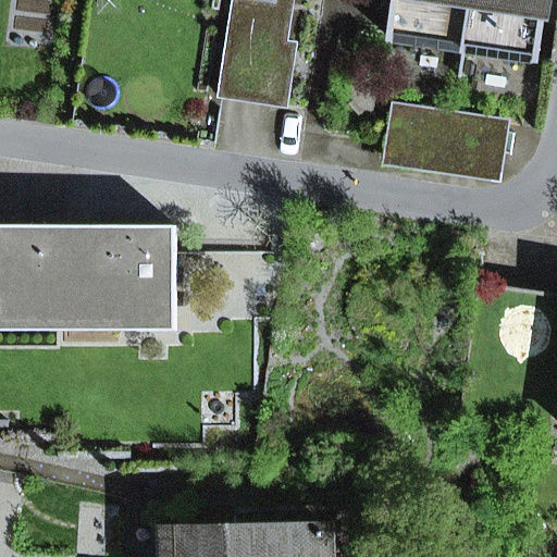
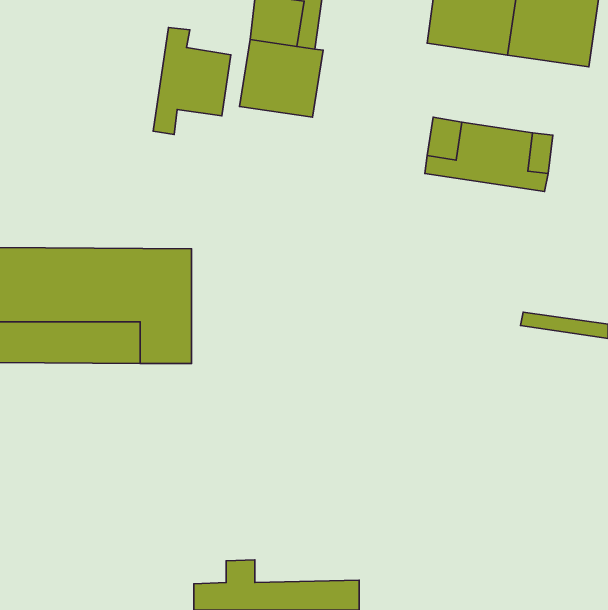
building: none -> [153,28,231,135]

